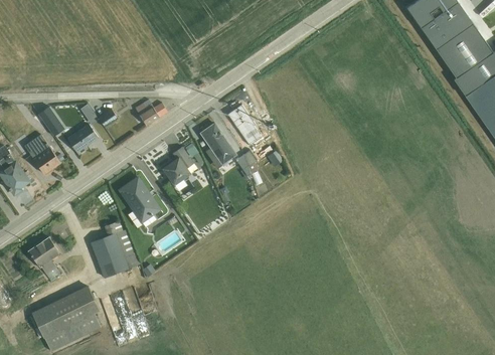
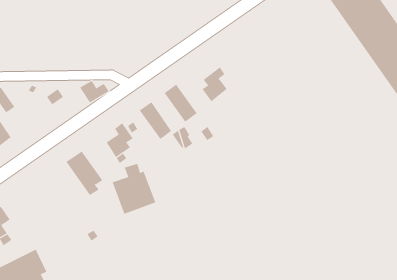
building: none -> [202,67,228,102]
building: [66,124,98,155] -> none
building: [91,220,139,277] -> [112,163,156,214]

